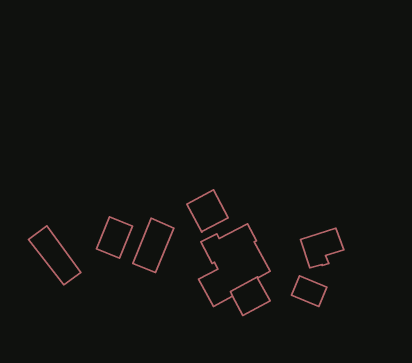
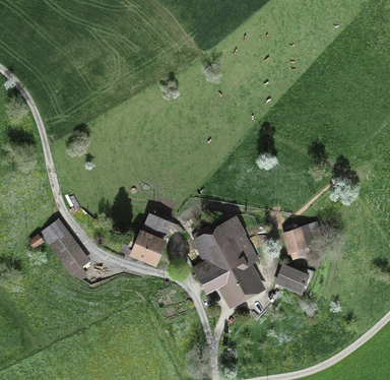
building: [187,190,228,232] -> none
building: [97,217,132,258] -> none

